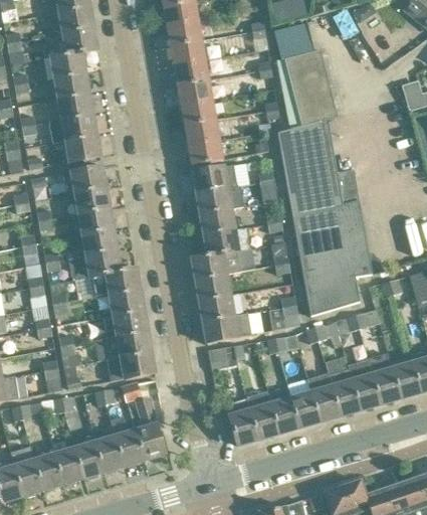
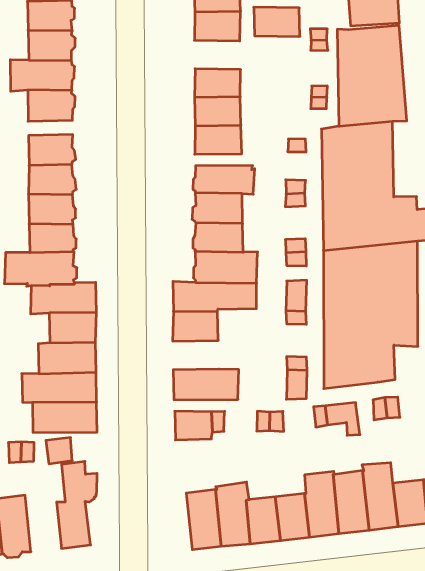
building: [177,80,213,106] -> [254,7,300,36]
building: [198,295,234,321] -> none
building: [110,415,145,468] -> none

